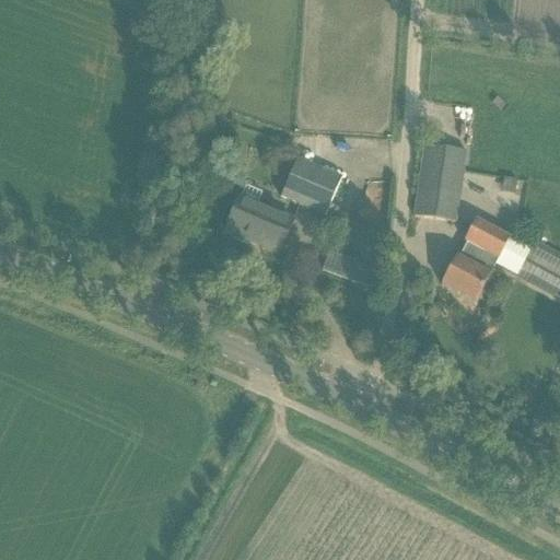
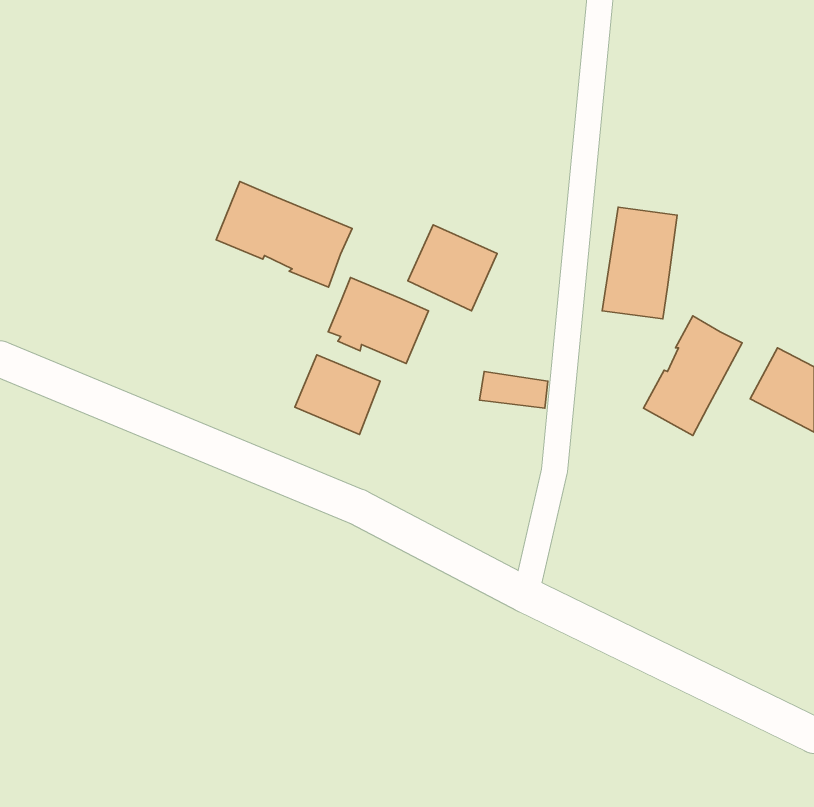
building: none -> [216,181,352,287]
building: none -> [295,355,380,434]

